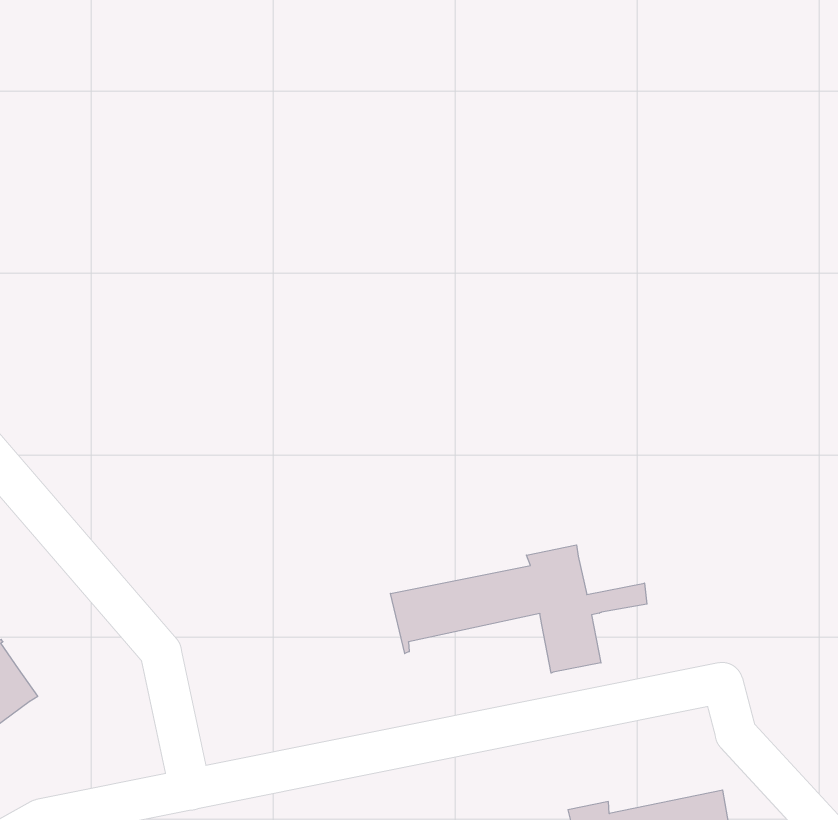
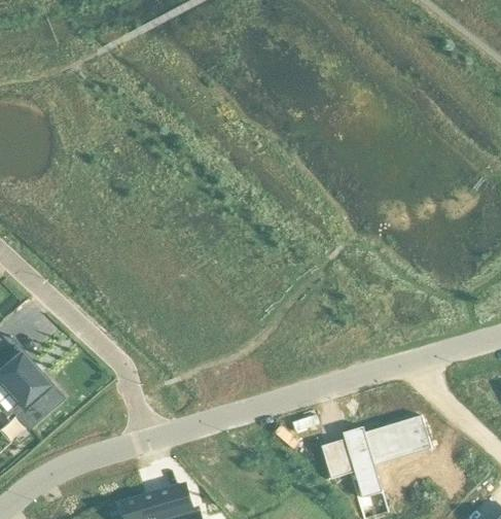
building: [390,545,647,673] -> none

